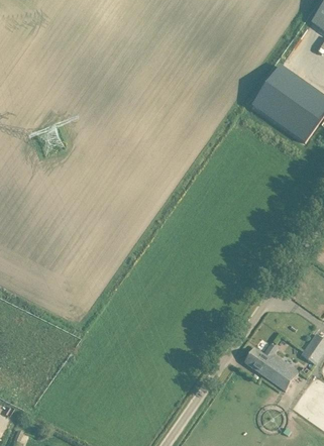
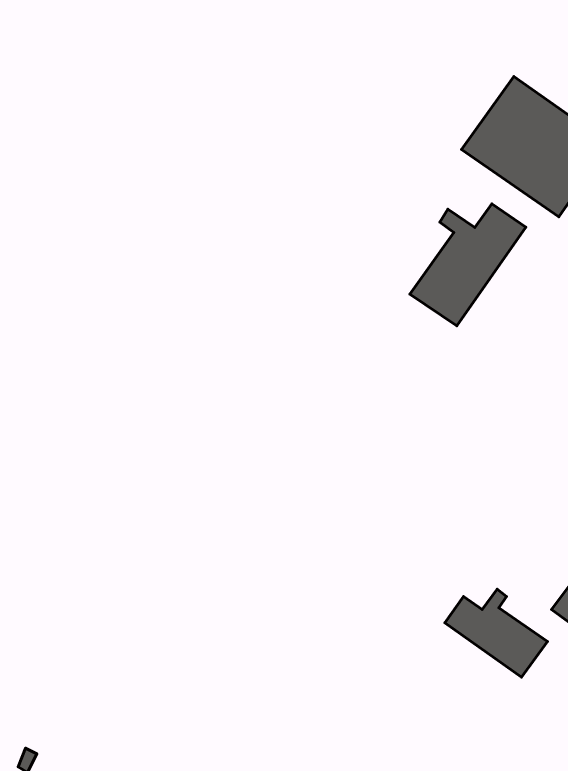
building: none -> [410,204,526,326]

